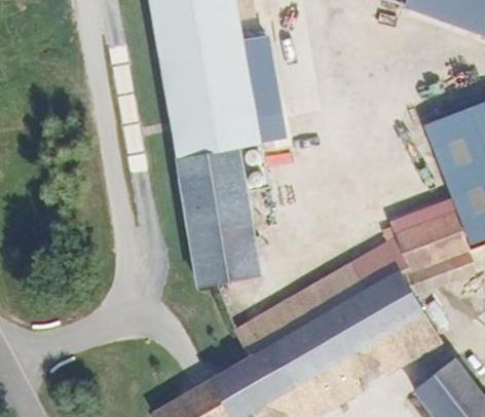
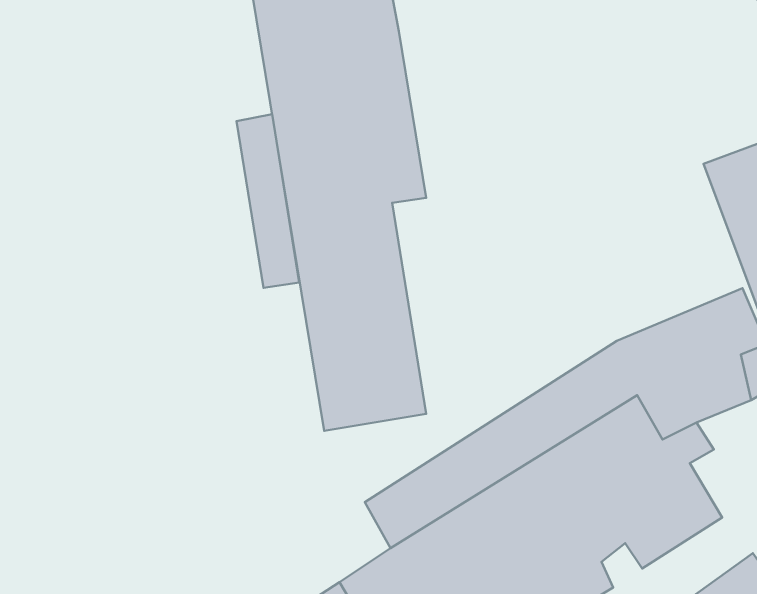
building: [244,40,282,145] -> [236,114,299,288]

